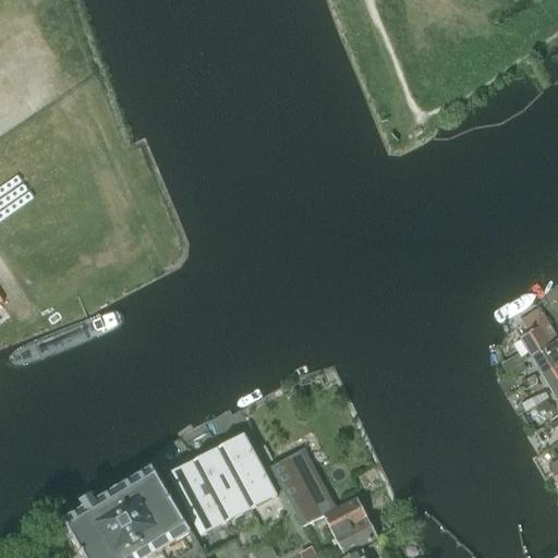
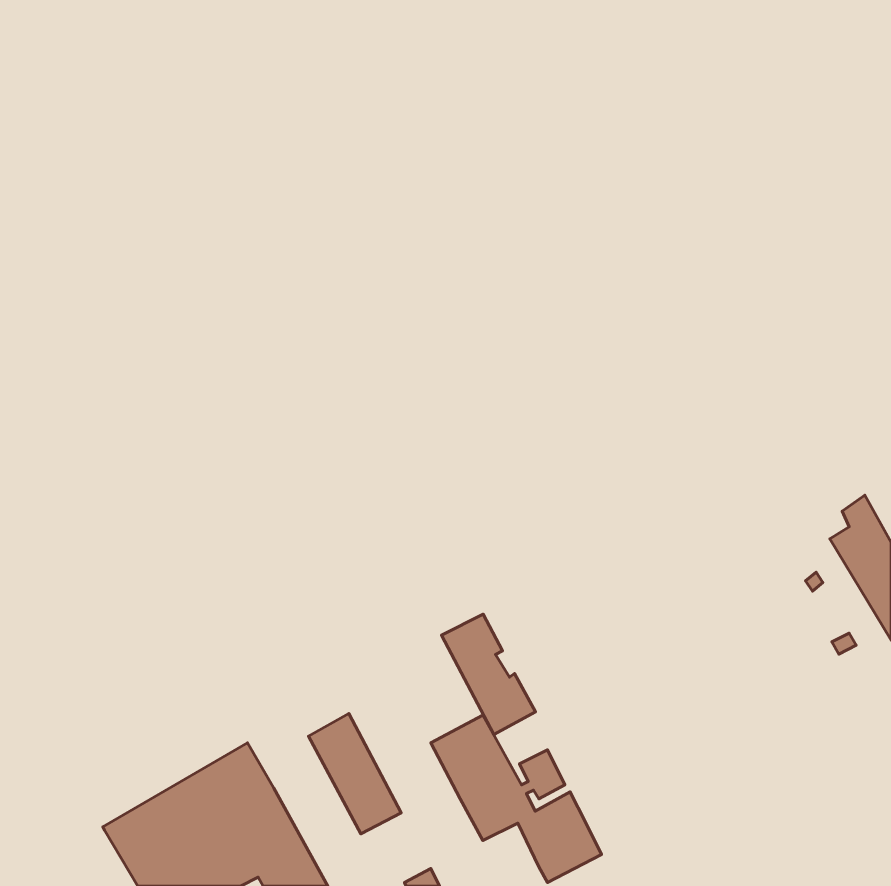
building: [218,433,277,508] -> [441,614,536,735]
building: [167,460,226,535] -> none

